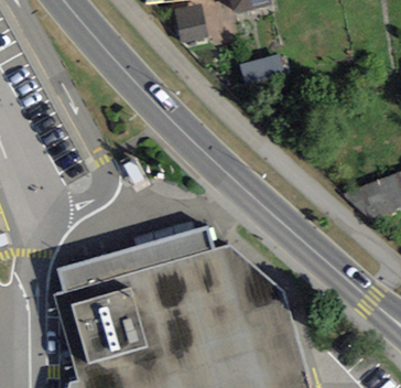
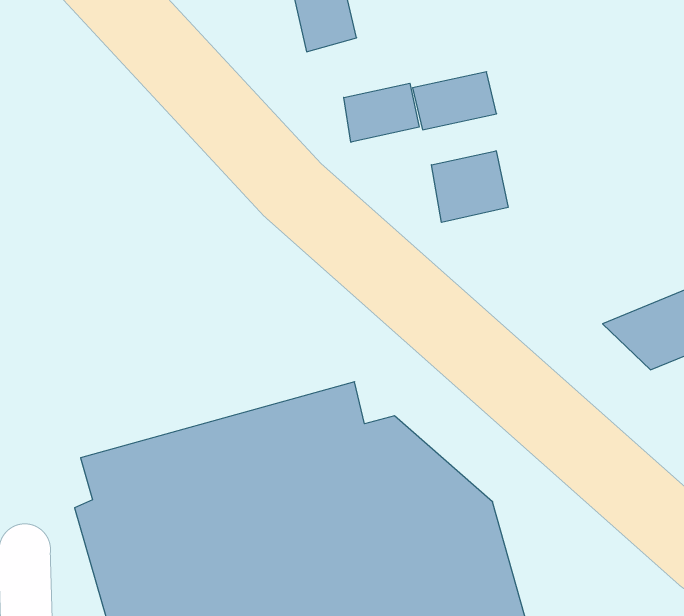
building: none -> [344,83,419,142]
building: none -> [431,151,508,222]

